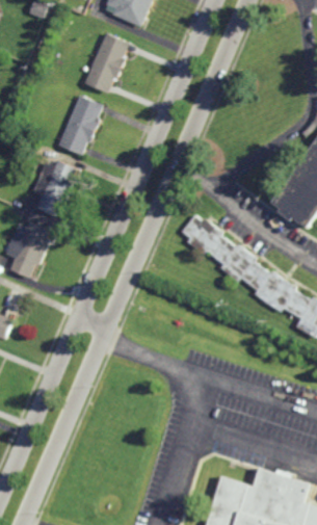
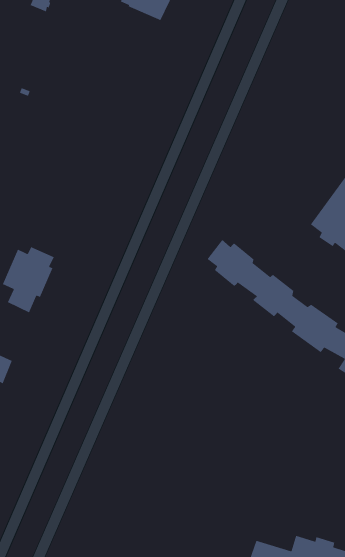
building: [84,32,129,94] -> none
building: [58,95,103,156] -> none
building: [31,160,76,216] -> none

